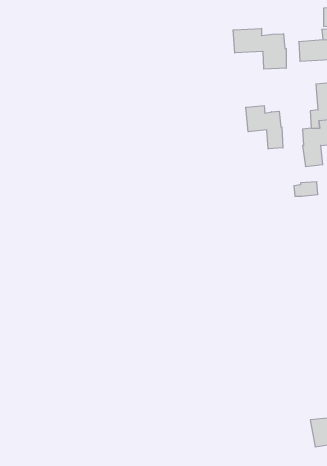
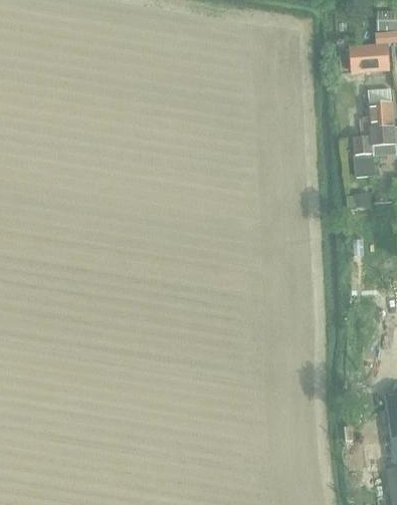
building: [233,28,286,69] -> none
building: [246,106,283,149] -> none

